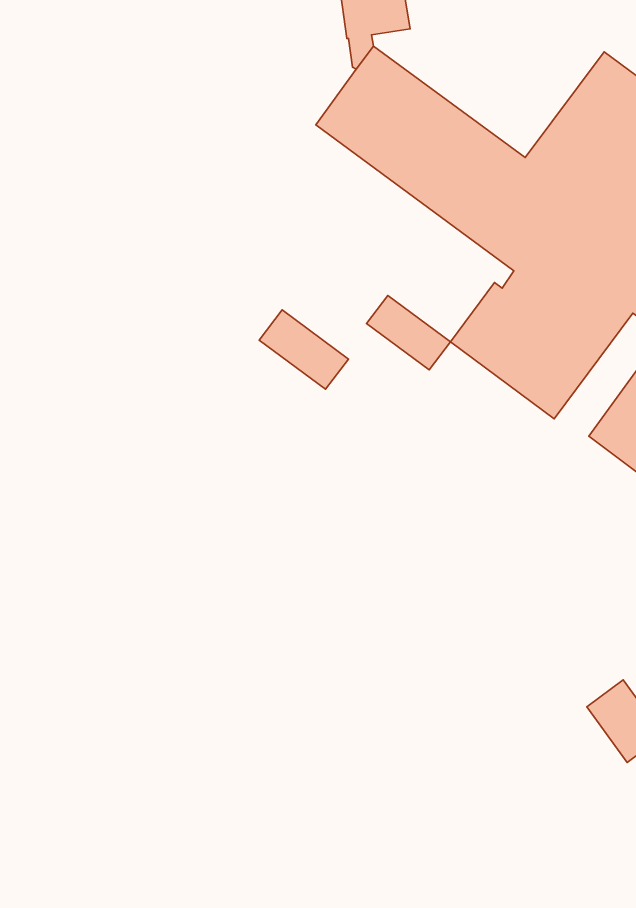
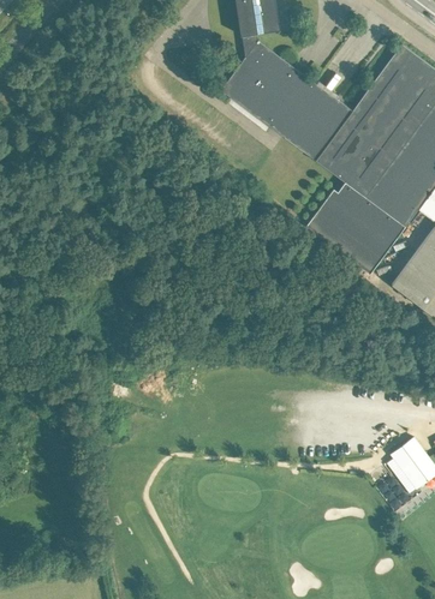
building: [366,296,450,370] -> none
building: [259,310,348,389] -> none

